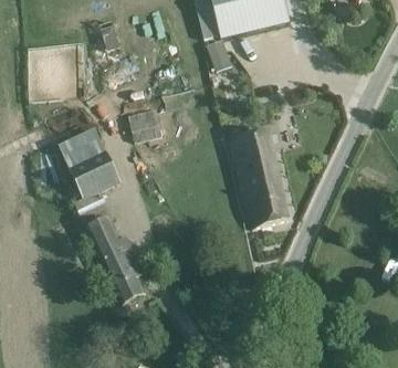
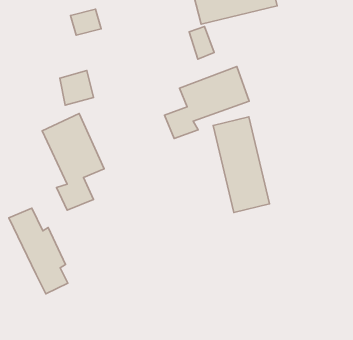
building: none -> [165,67,249,138]
building: [127,108,161,144] -> [60,70,93,105]
building: [85,218,145,305] -> [9,208,68,294]

